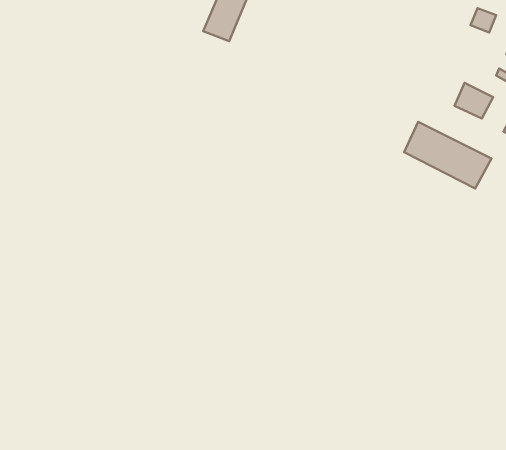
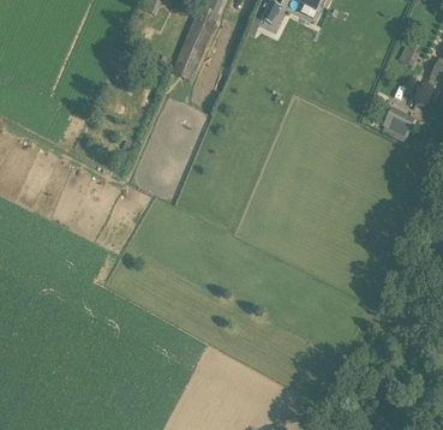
building: [404,122,491,189] -> none

